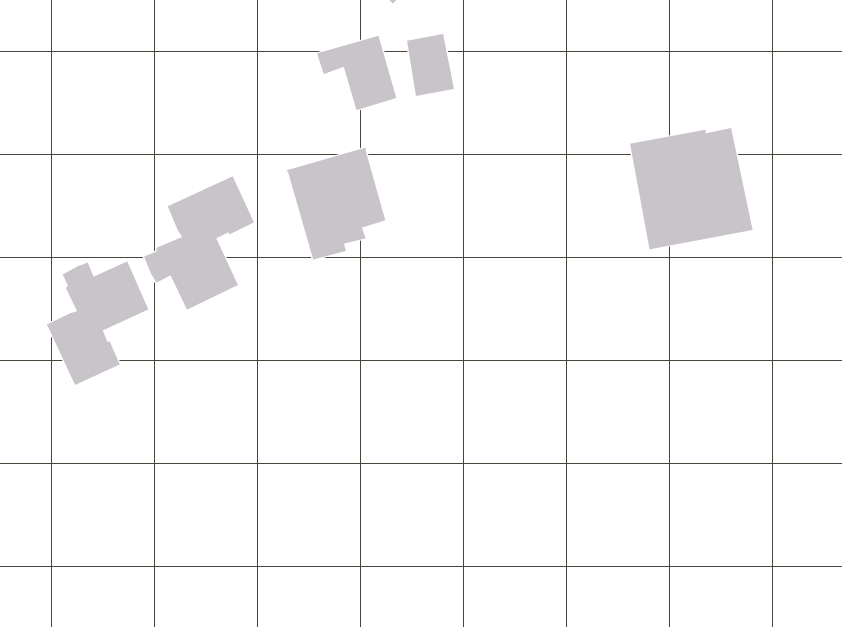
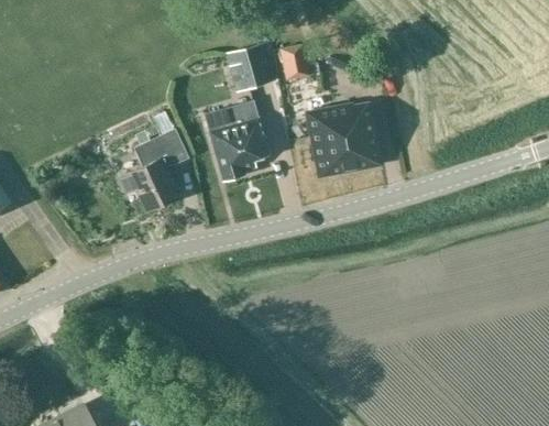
building: [629,127,753,250] -> [305,102,381,177]
building: [46,261,149,386] -> none

